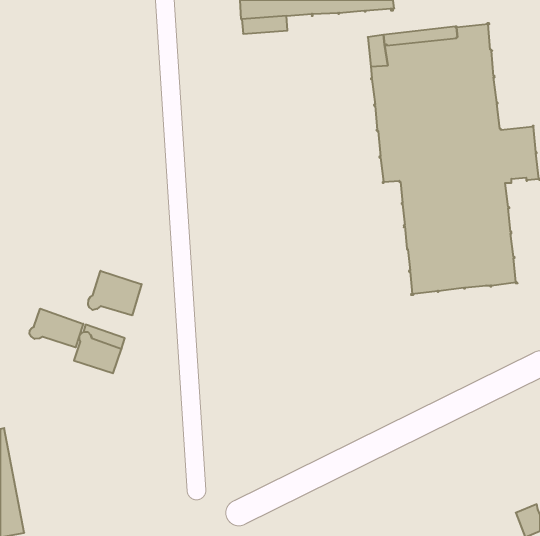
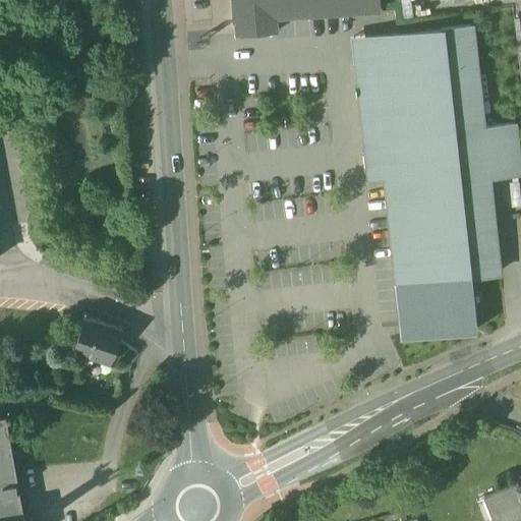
building: [88,271,142,315] -> none
building: none -> [397,279,474,343]
building: [30,309,83,347] -> none

